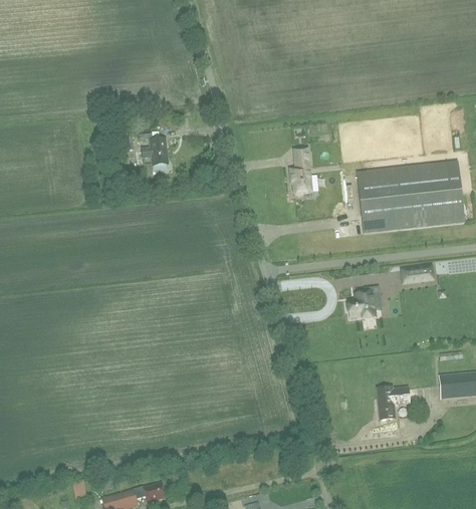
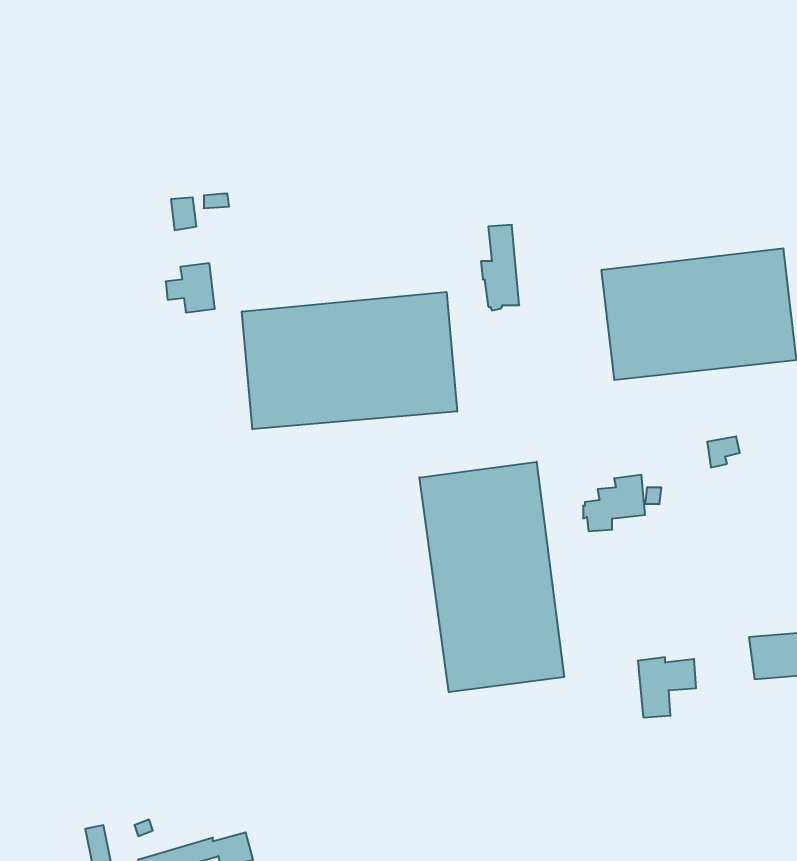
building: [141,138,168,165] -> [166,263,215,312]
building: none -> [242,292,457,429]
building: none -> [419,462,564,692]

